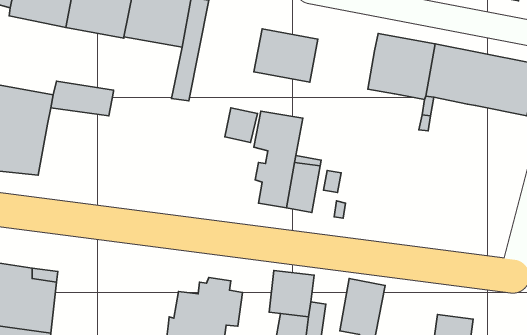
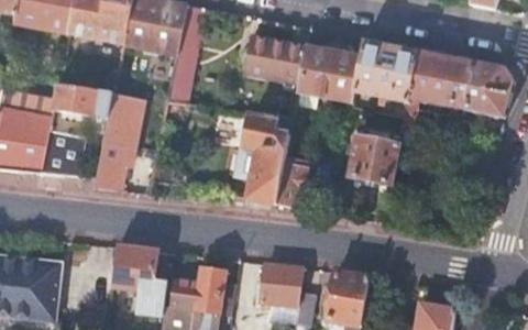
building: none -> [297,44,360,101]
building: none -> [92,94,143,190]
building: none -> [41,124,86,176]
building: none -> [350,130,399,183]
building: none -> [111,248,168,316]

